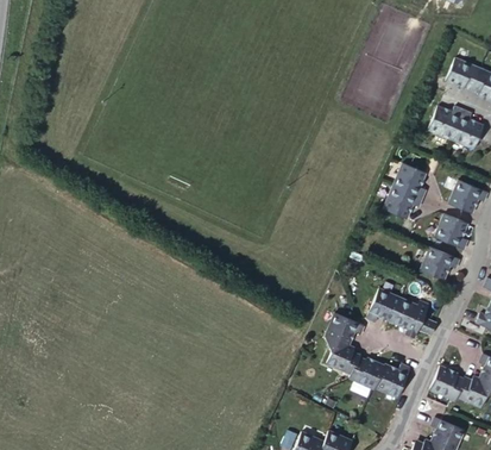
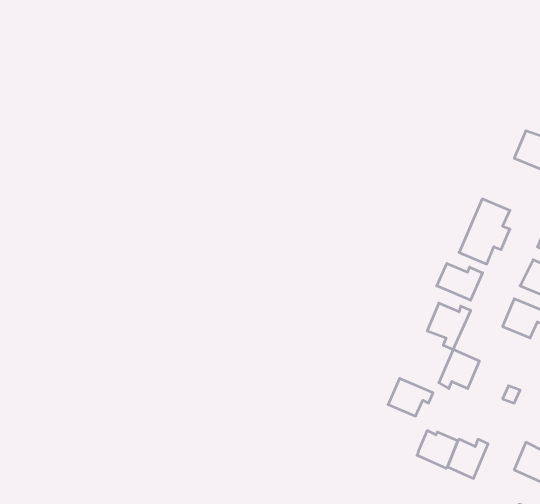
building: none -> [437,263,483,300]
building: [391,300,427,338] -> [427,303,471,350]
building: [326,336,358,374] -> none

